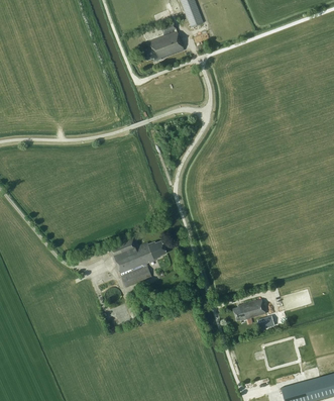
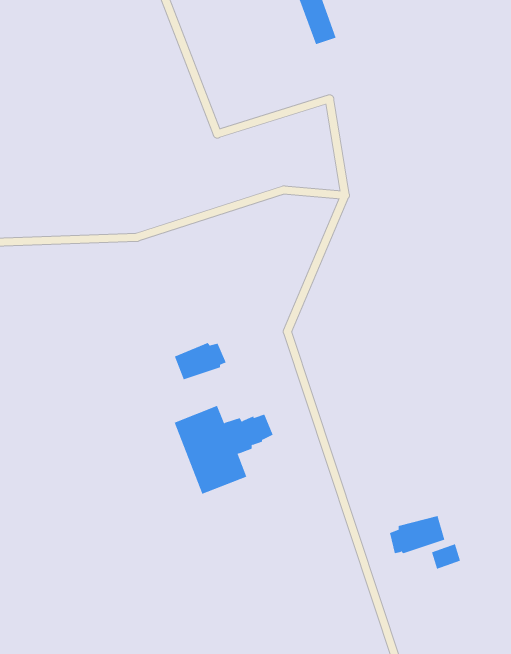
building: [143,22,185,63] -> none
building: none -> [174,342,226,380]

